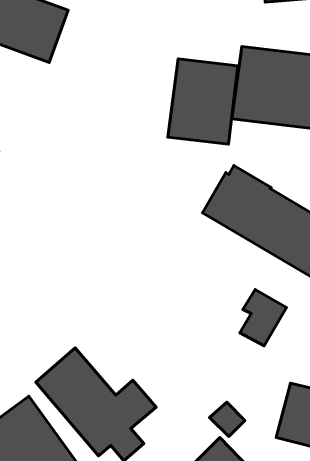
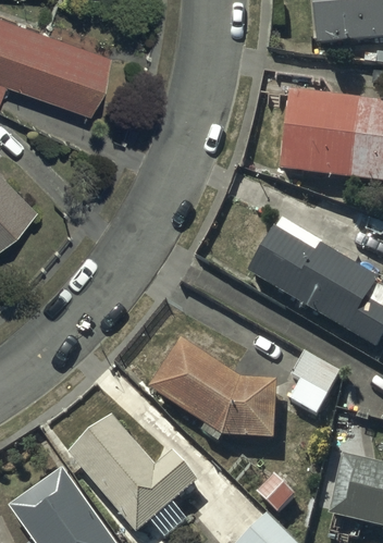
building: [168,59,238,144] -> none
building: none -> [148,338,274,439]

